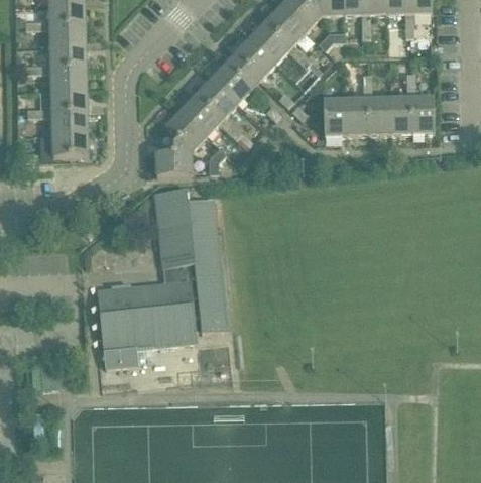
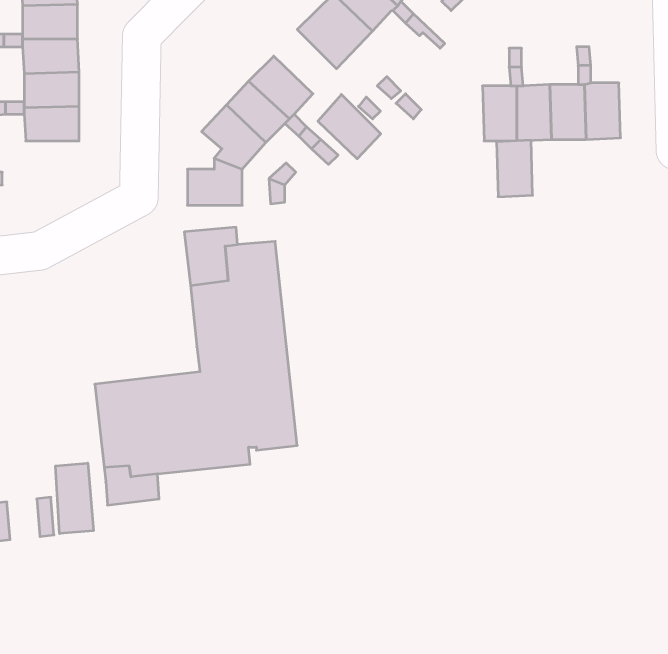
building: [211,62,251,103] -> [318,94,381,159]
building: [323,98,346,134] -> [496,140,533,197]
building: [51,133,87,156] -> none
building: none -> [56,463,93,534]

